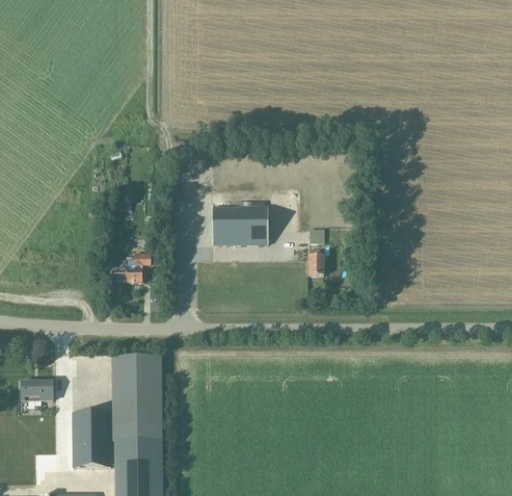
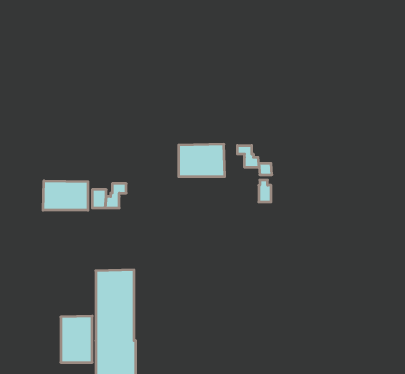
building: none -> [237,145,259,167]
building: none -> [43,181,88,210]
building: [22,381,52,399] -> none

